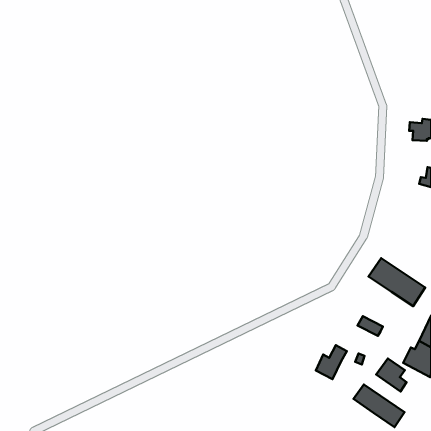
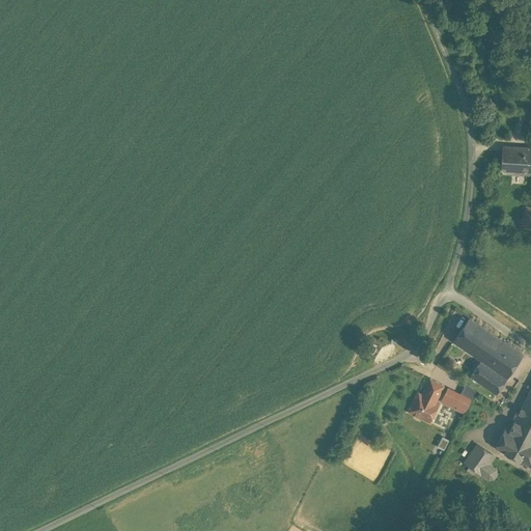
building: none -> [471,359,508,393]
building: [316,345,347,379] -> [409,381,447,422]
building: [354,385,404,427] -> none

